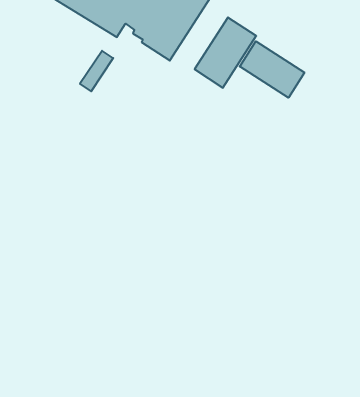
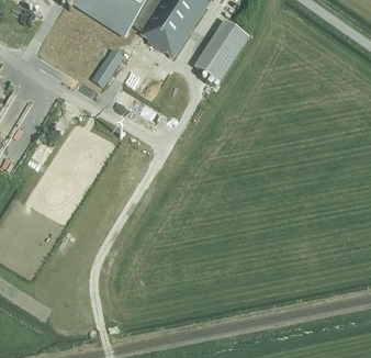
building: [240,41,304,98] -> none

